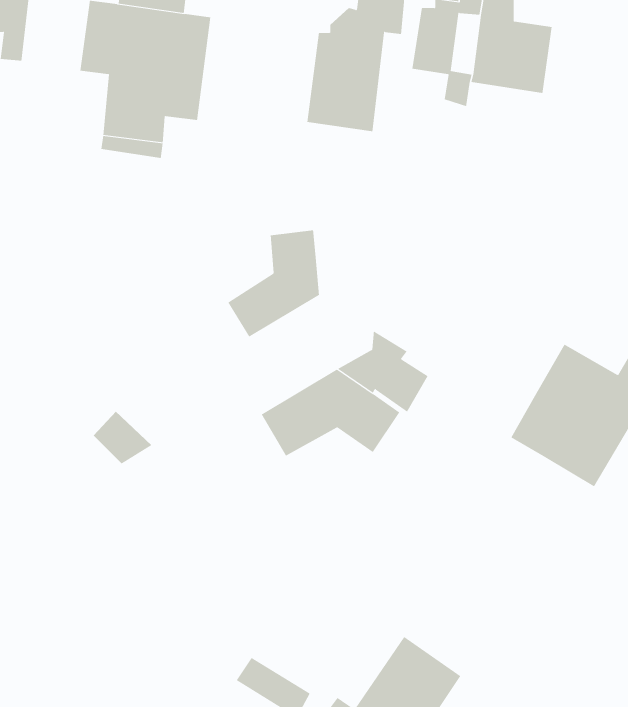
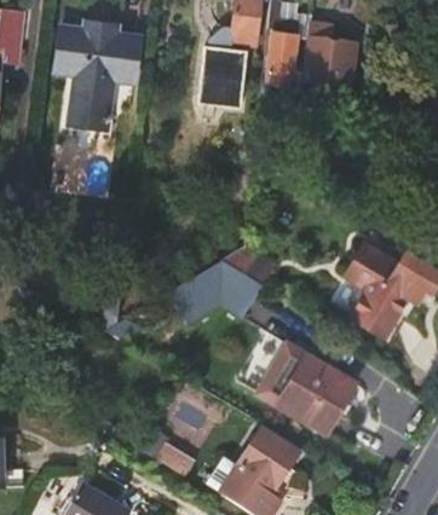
building: [228,229,319,338] -> none
building: none -> [255,343,352,432]

